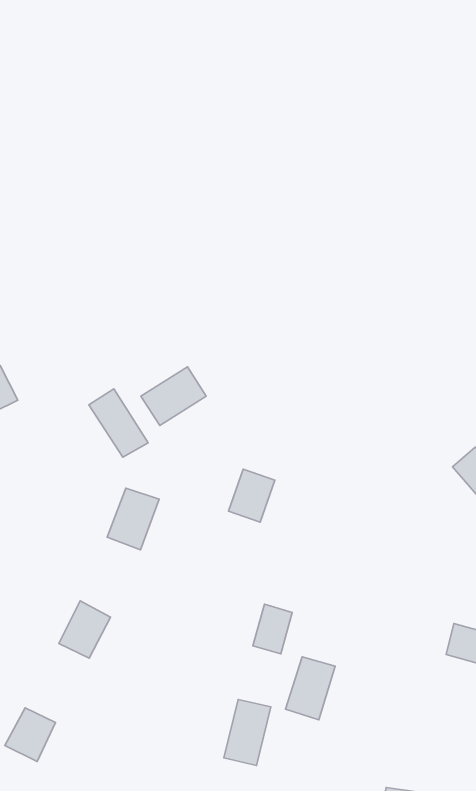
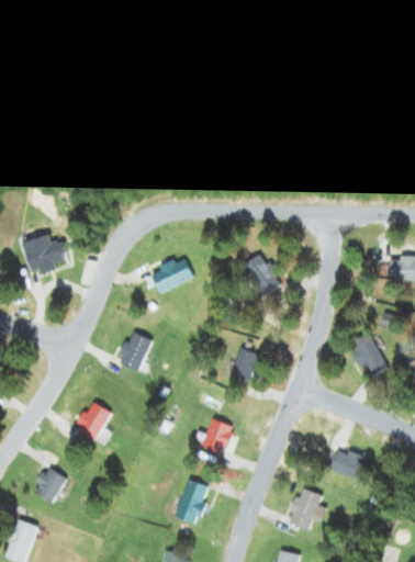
building: none -> [243,252,283,296]
building: [89,389,148,457] -> none
building: [229,469,275,522] -> [229,347,262,383]
building: [286,657,335,720] -> [285,487,322,530]

